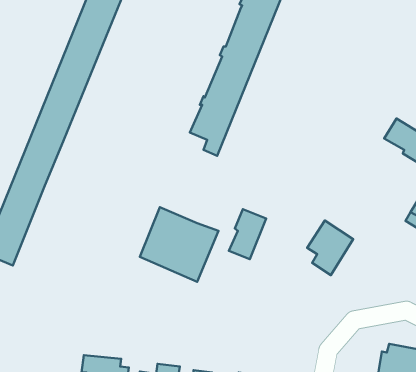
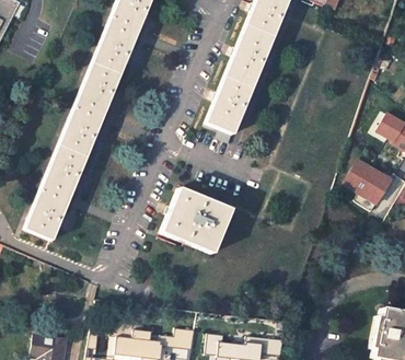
building: [229,209,266,259] -> none
building: [307,220,353,275] -> [350,162,391,210]

